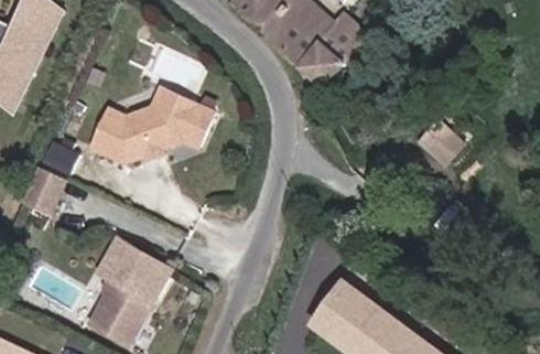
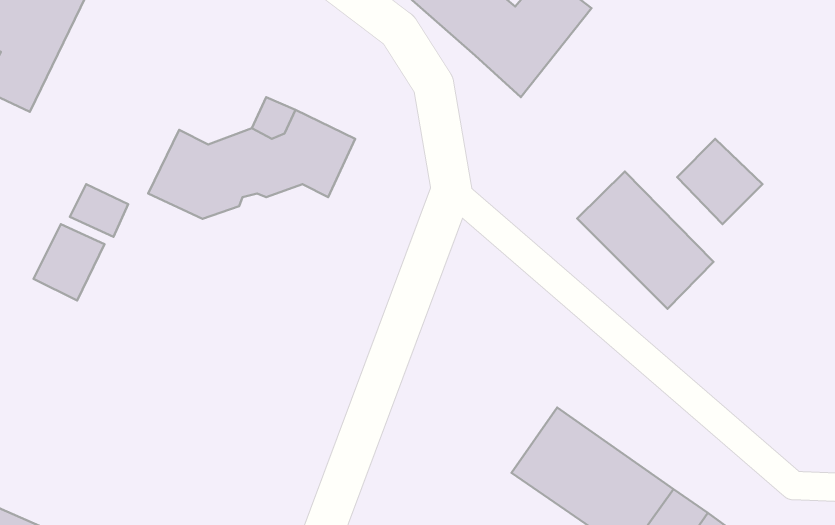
building: none -> [577,171,714,309]
building: [88,235,168,341] -> none

